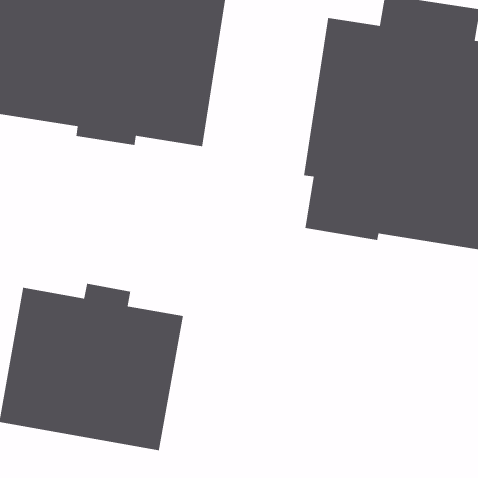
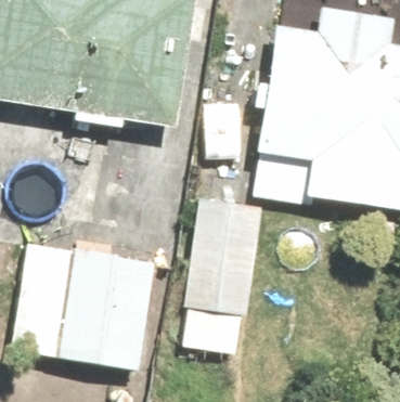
building: none -> [185,195,263,352]

